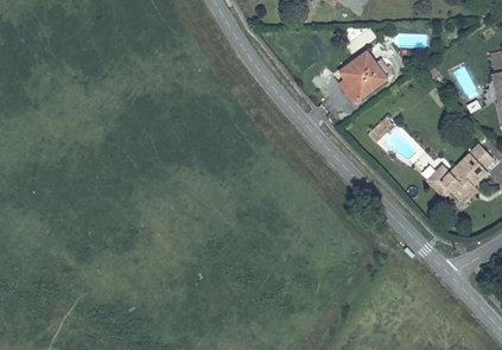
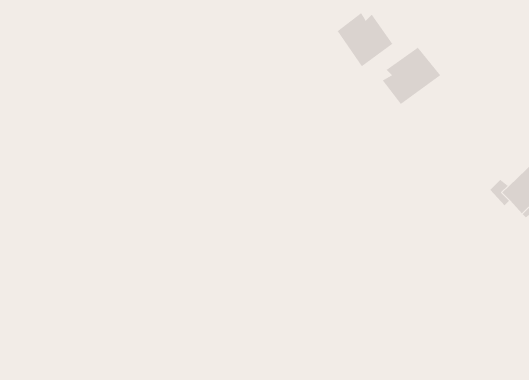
building: none -> [337,12,393,67]

